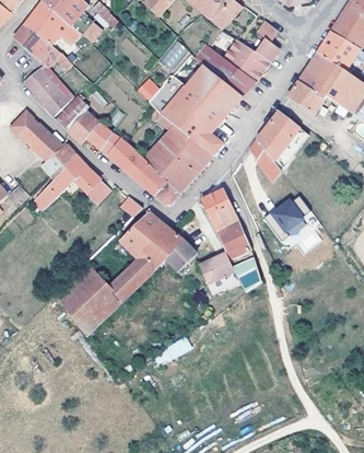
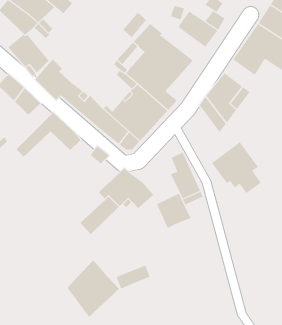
building: [195,43,256,96] -> none
building: [46,143,78,176] -> none
building: [200,189,230,230] -> none
building: [119,212,161,251] -> none
building: [59,266,121,335] -> [67,259,120,318]

